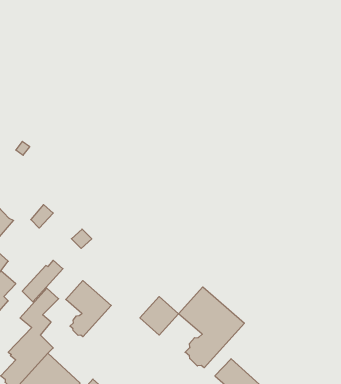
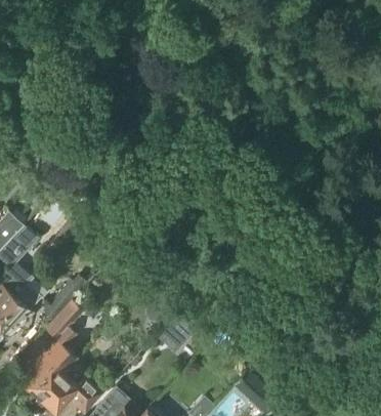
building: [66,281,111,337] -> none
building: [179,287,244,368] -> none

